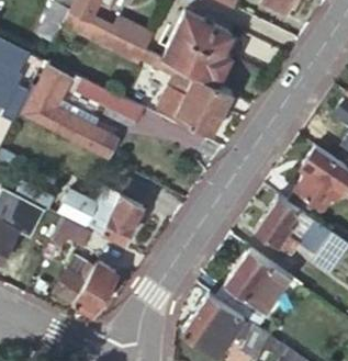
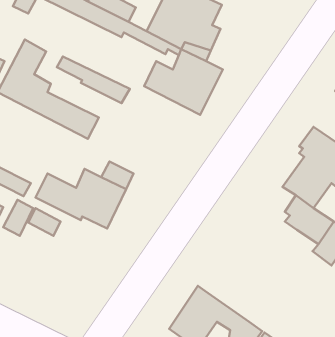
building: [256,195,301,252] -> none
building: [216,247,291,325] -> none
building: [53,261,117,314] -> none

